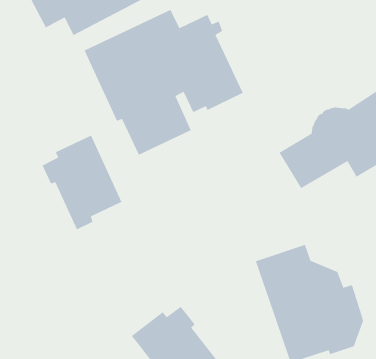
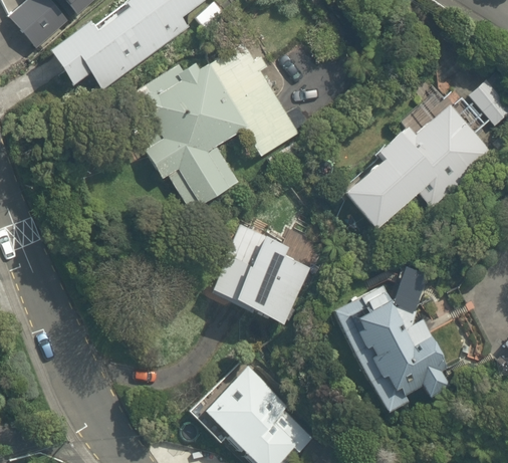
building: [42,135,123,230] -> none
building: none -> [209,222,312,322]

